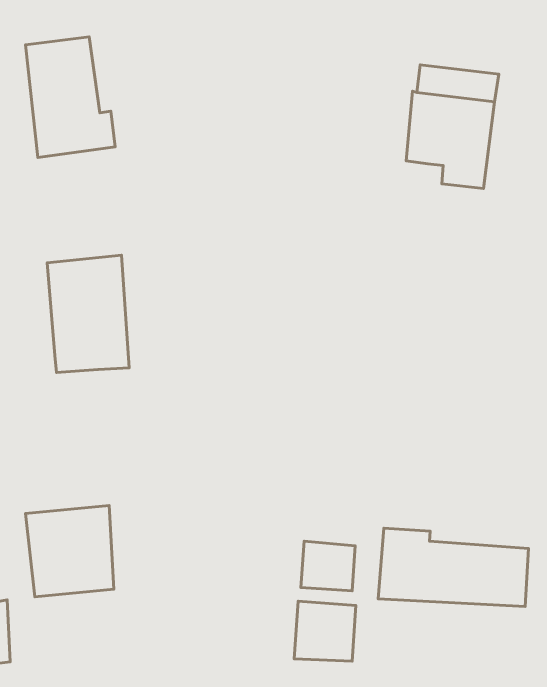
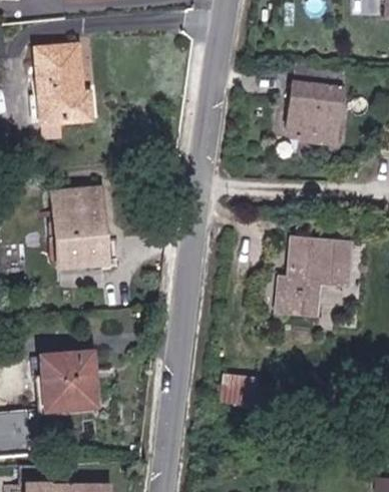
building: none -> [275,234,353,311]
building: [378,528,528,607] -> none
building: [294,601,356,661] -> none

